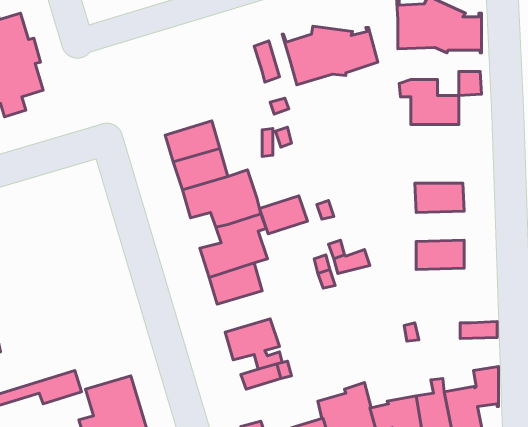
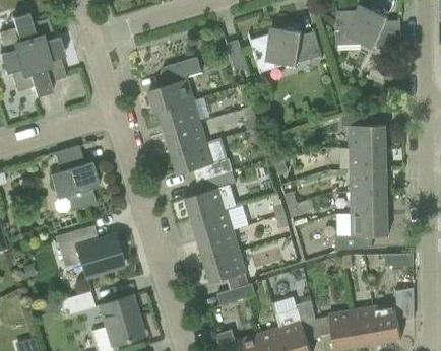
building: none -> [148,57,201,114]
building: [399,79,459,125] -> [340,114,386,148]
building: none -> [49,146,99,211]
building: [260,196,308,234] -> none
building: none -> [351,169,387,193]
building: none -> [335,213,388,252]
building: none -> [55,228,123,278]
building: none -> [198,230,239,262]

